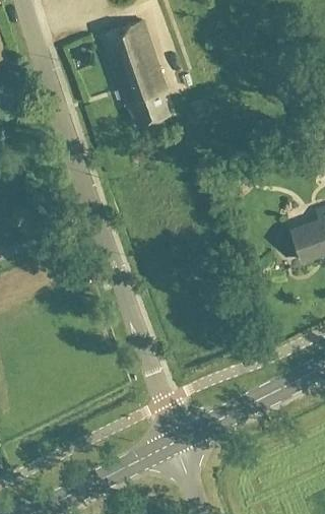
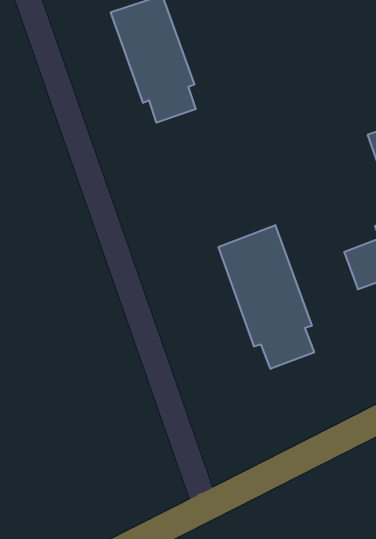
building: none -> [219,225,314,369]

